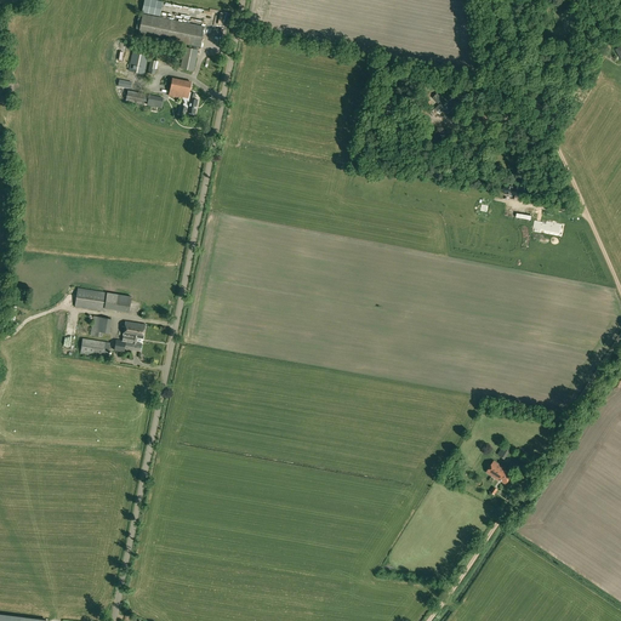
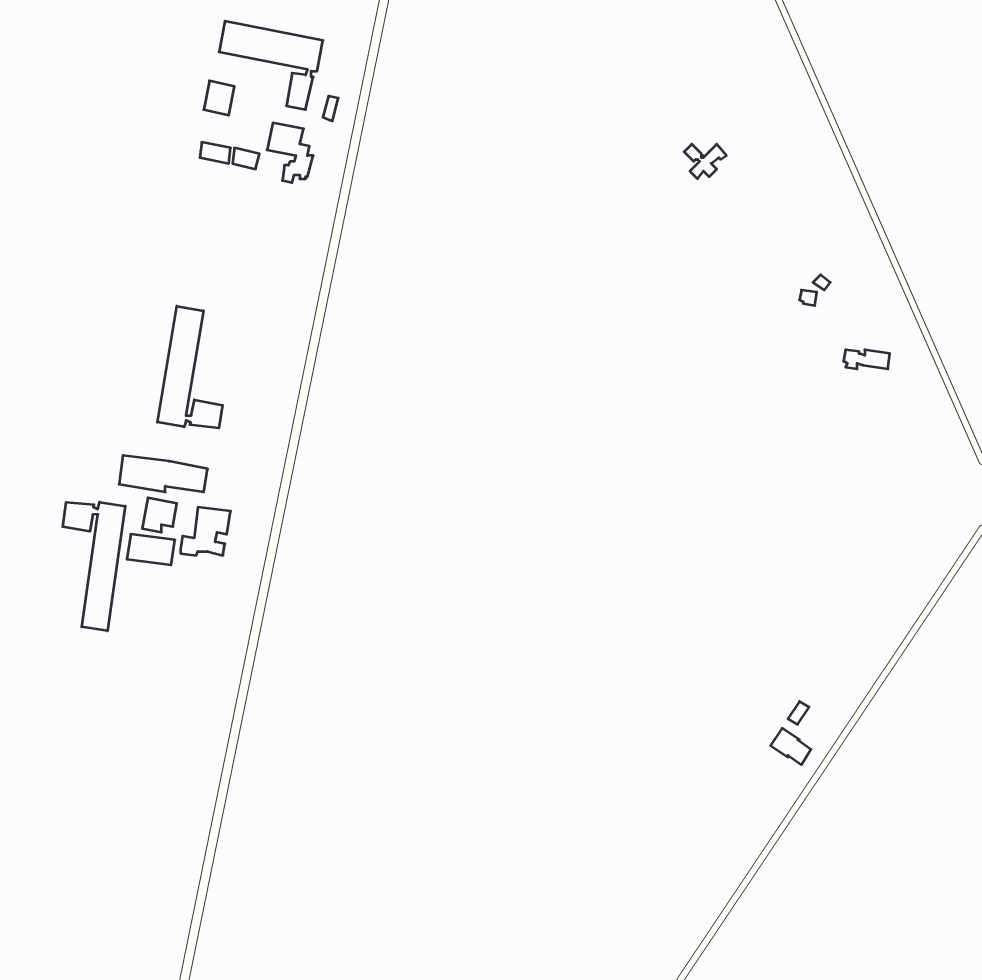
building: none -> [157,306,223,428]
building: none -> [63,502,125,631]

